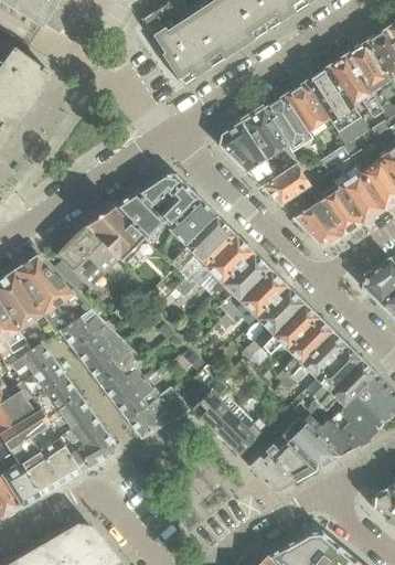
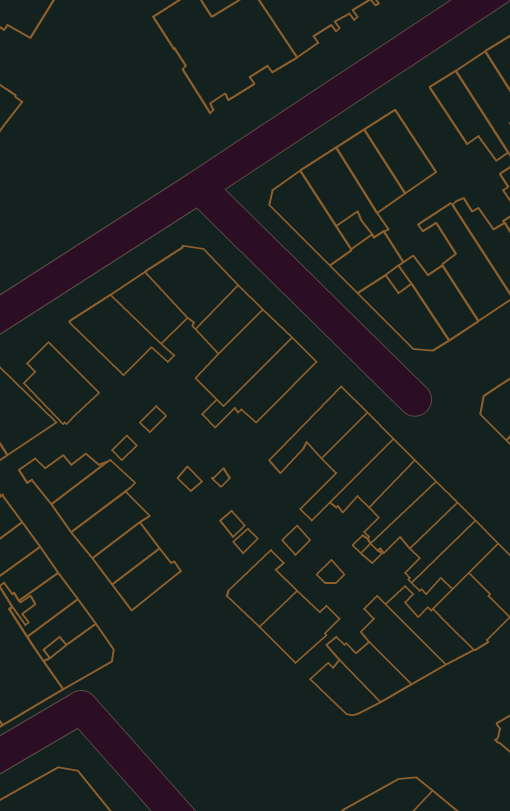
building: [306,66,371,143] -> none
building: [72,225,120,273] -> none
building: [221,252,269,311] -> none
building: [128,385,193,438] -> none

